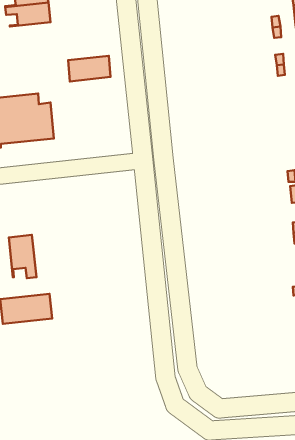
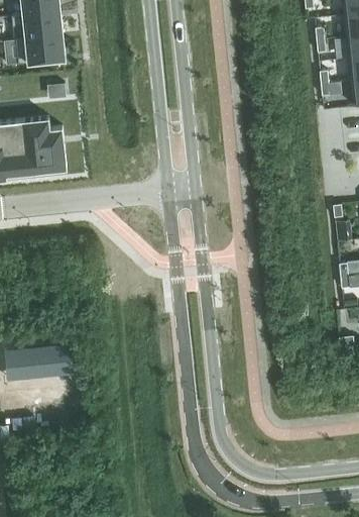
building: [68,56,111,81] -> [16,36,65,66]
building: [9,235,36,278] -> none

